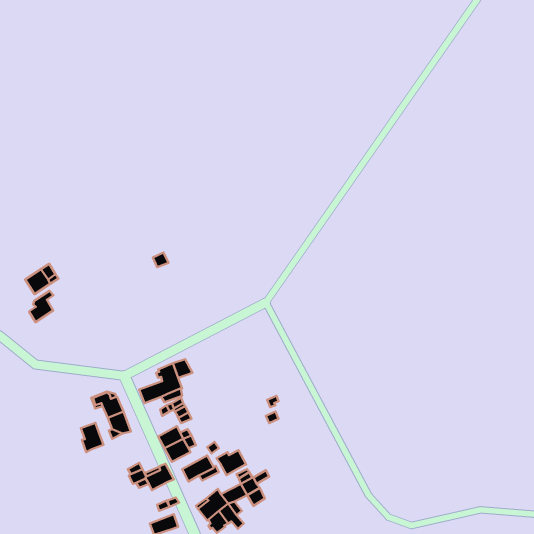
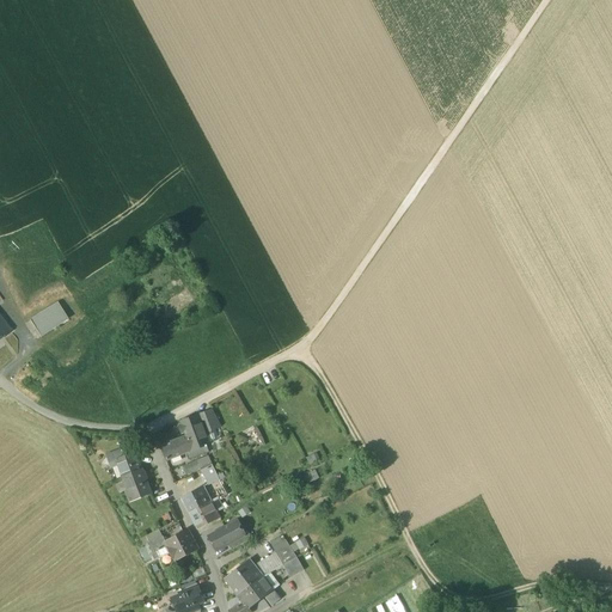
building: [29,291,53,322] -> none
building: [81,423,104,452] -> none
building: [216,450,246,475] -> none

